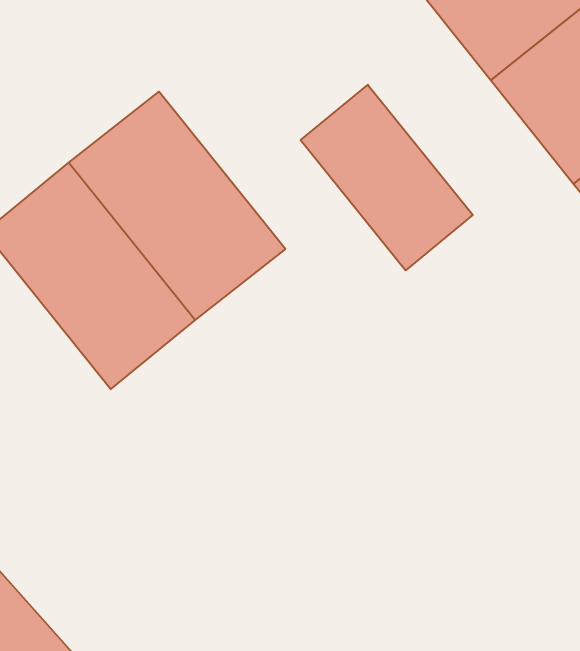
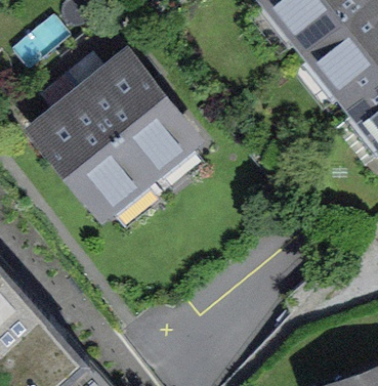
building: [301,85,473,270] -> none

